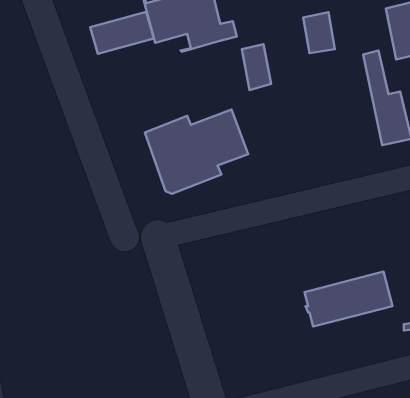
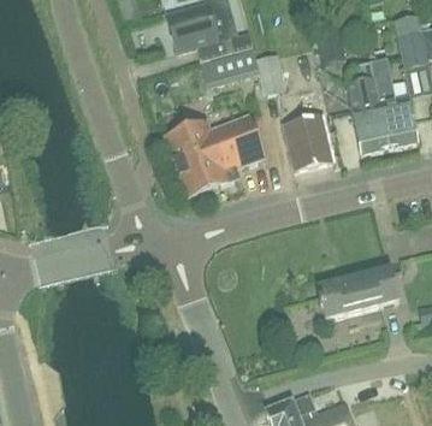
building: [90,12,154,54] -> [200,47,260,87]
building: none -> [344,63,390,155]
building: none -> [284,114,332,170]

